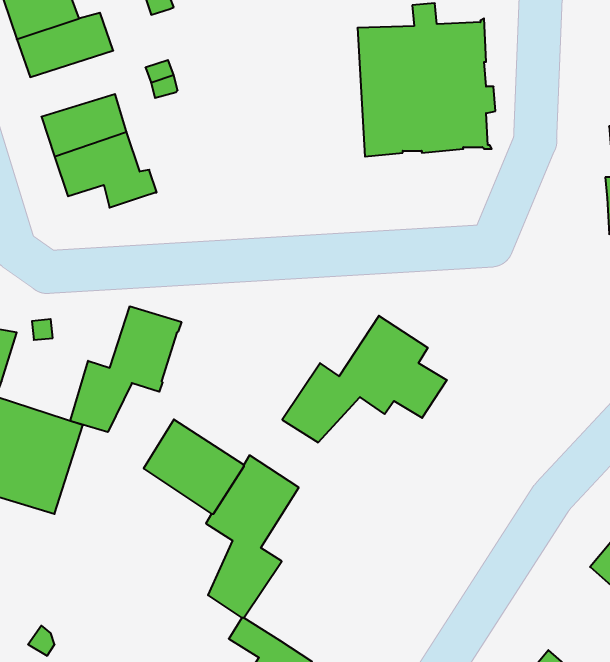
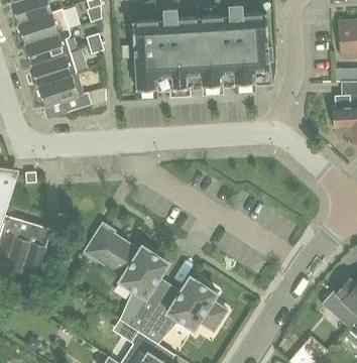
building: none -> [131,7,203,89]
building: none -> [24,28,71,64]
building: [71,306,181,432] -> none
building: [282,316,447,442] -> [138,275,226,343]

